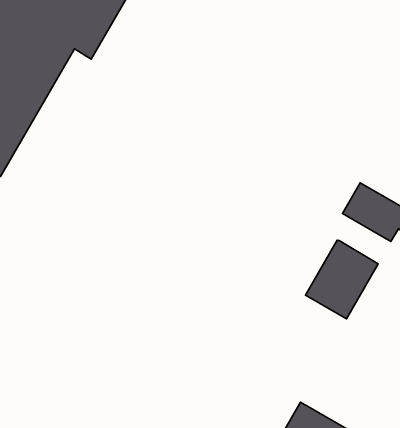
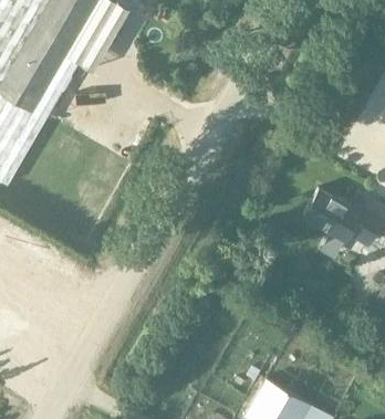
building: [305,240,378,319] -> none

